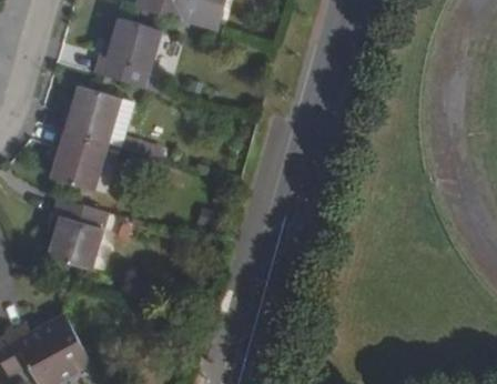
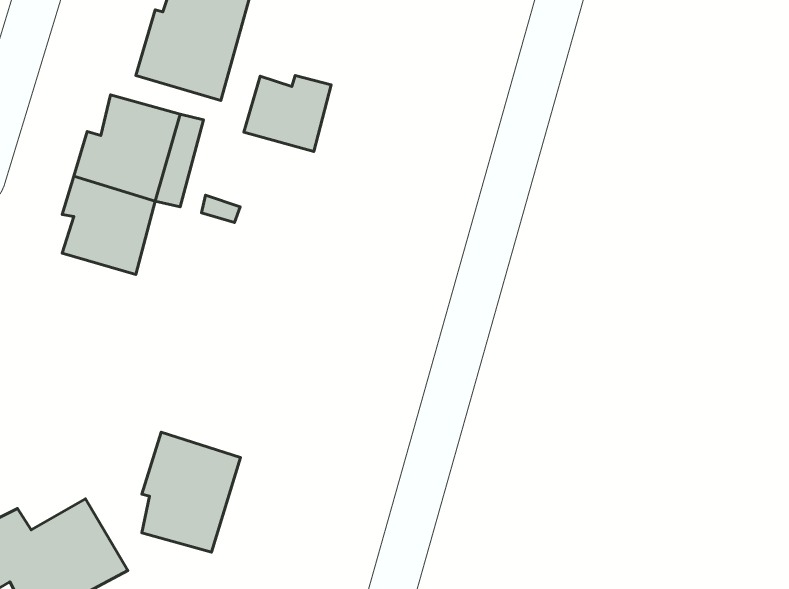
building: none -> [244,76,331,152]
building: [51,201,108,270] -> [142,432,241,552]

